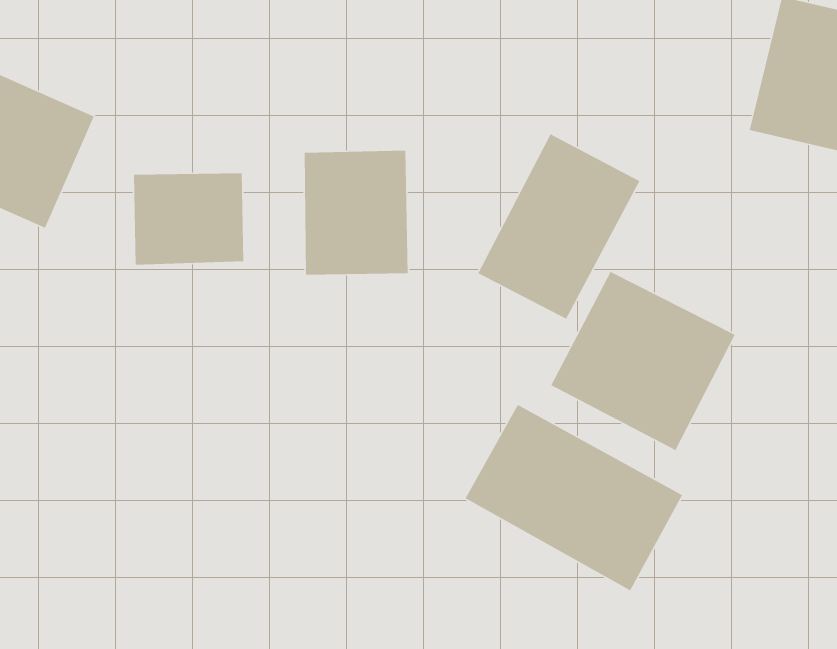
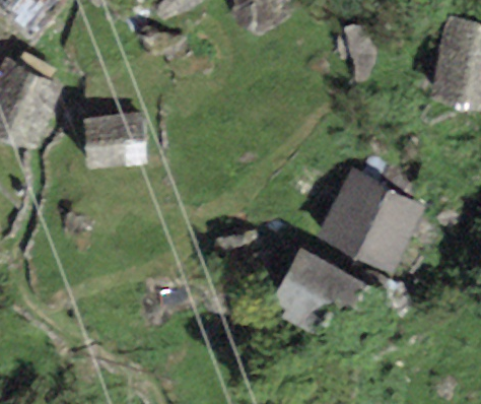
building: [477,133,640,320] -> none
building: [304,150,409,276] -> none

